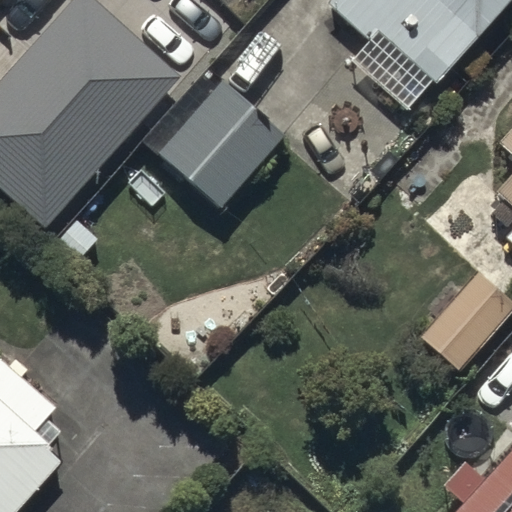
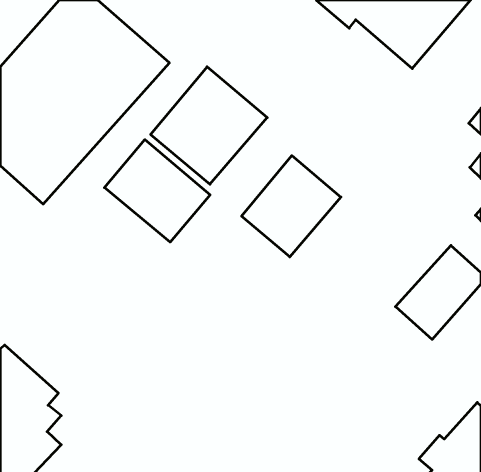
building: none -> [104,140,210,242]
building: none -> [242,156,341,257]

